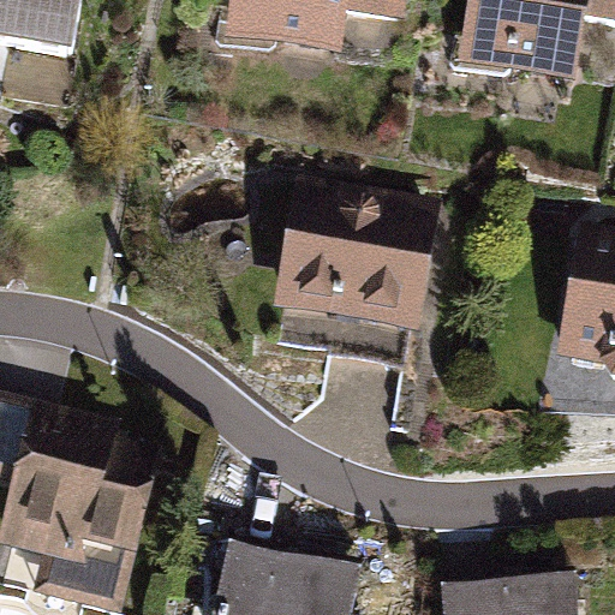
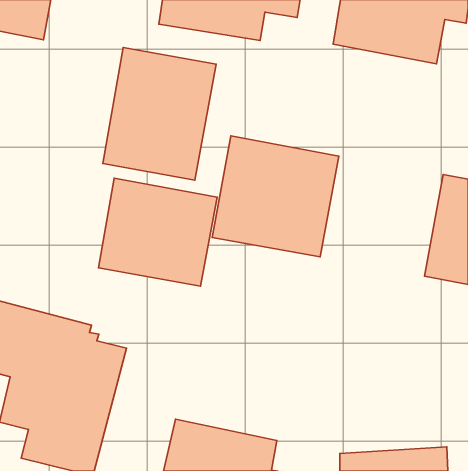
building: none -> [103,47,216,180]
building: none -> [99,178,217,286]

